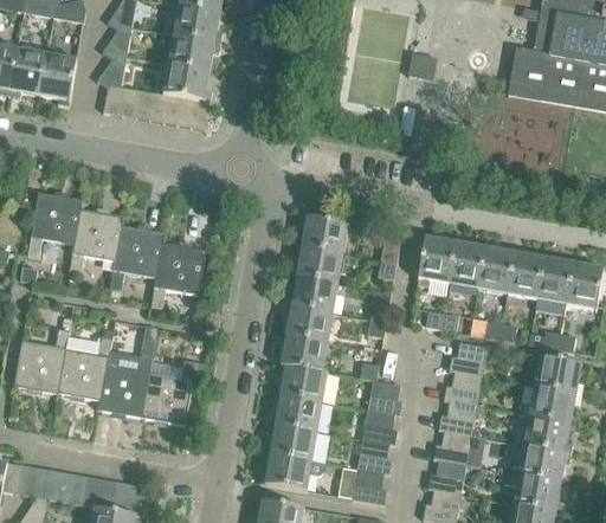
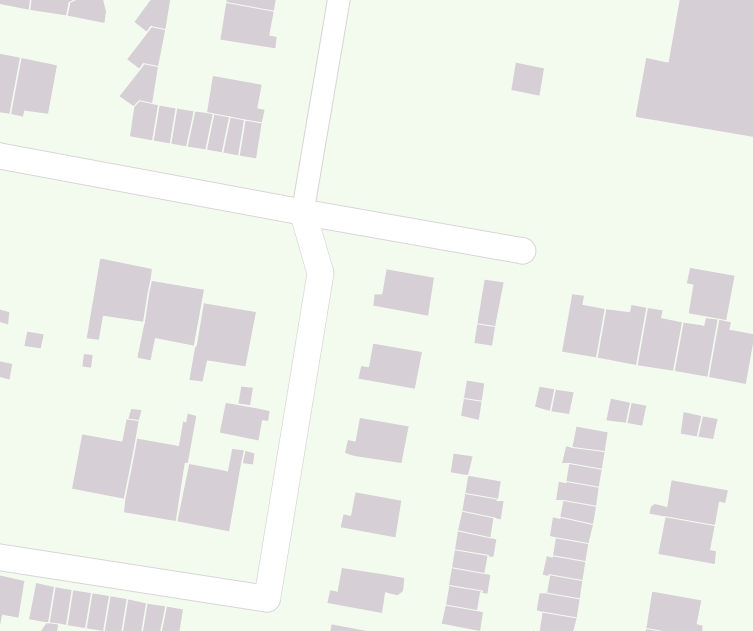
building: [169,34,220,70] -> none
building: [39,54,77,105] -> none
building: [27,192,82,257] -> none
building: none -> [686,267,735,321]
building: [418,234,456,283] -> none
building: [295,246,342,283] -> none
building: [284,304,331,342] -> none
building: none -> [219,402,270,441]
building: [14,328,69,392] -> none
building: [535,357,582,393] -> none
building: [281,366,325,401] -> none
building: [269,422,316,460] -> none
building: [507,444,570,480] -> none

